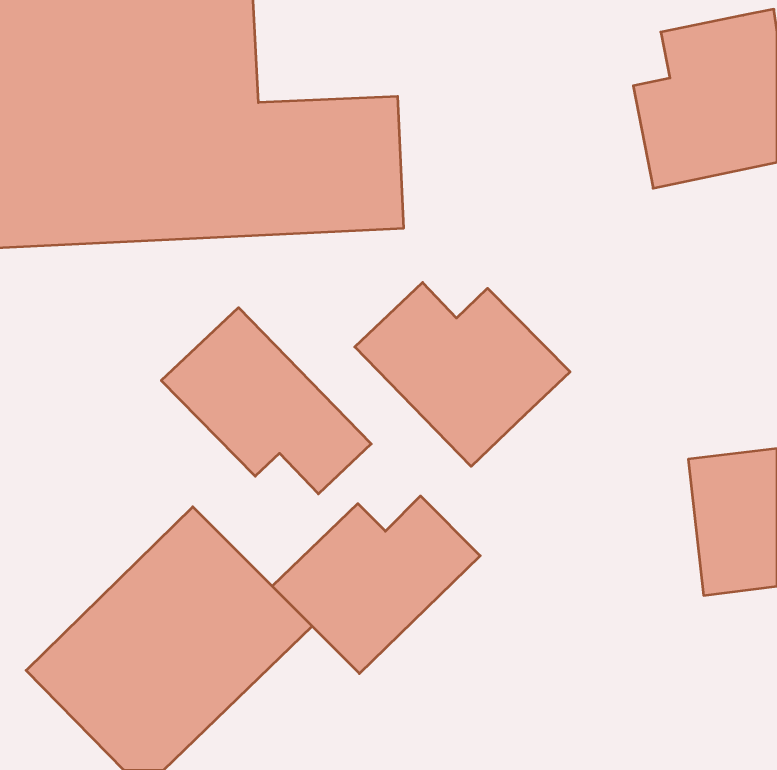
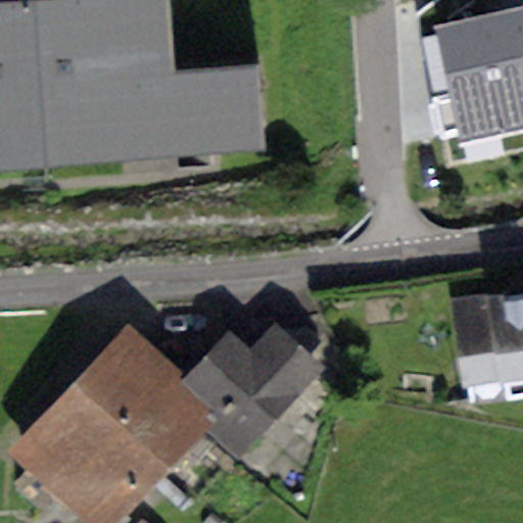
building: [355,282,570,466] -> none
building: [161,308,371,494] -> none

